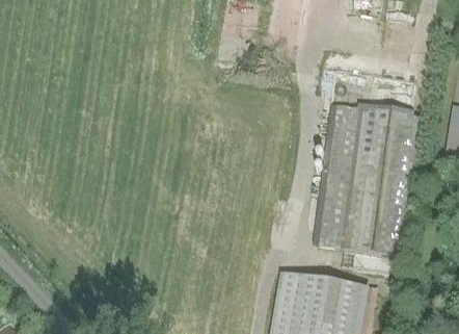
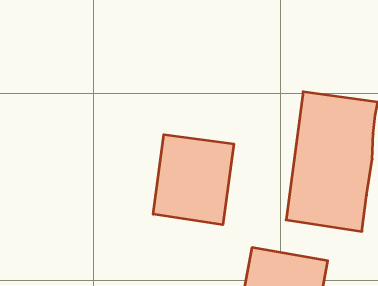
building: none -> [153,135,234,225]

